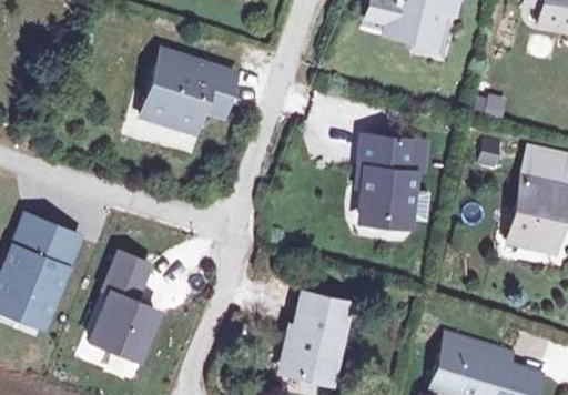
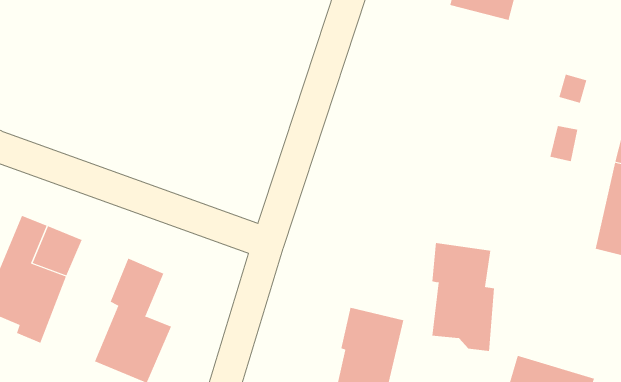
building: [140,48,235,133] -> none
building: [363,135,417,229] -> [431,243,495,352]

